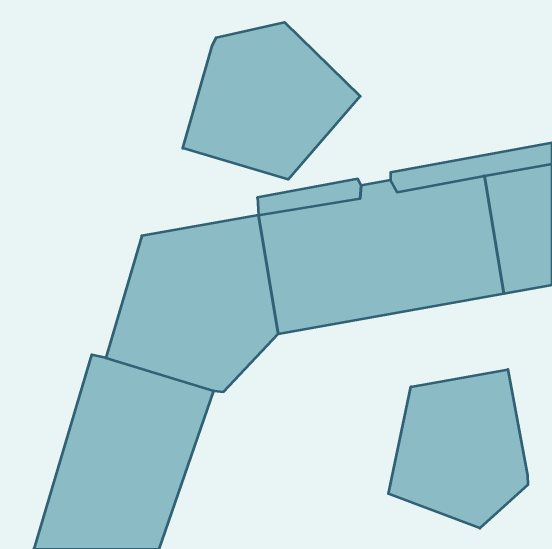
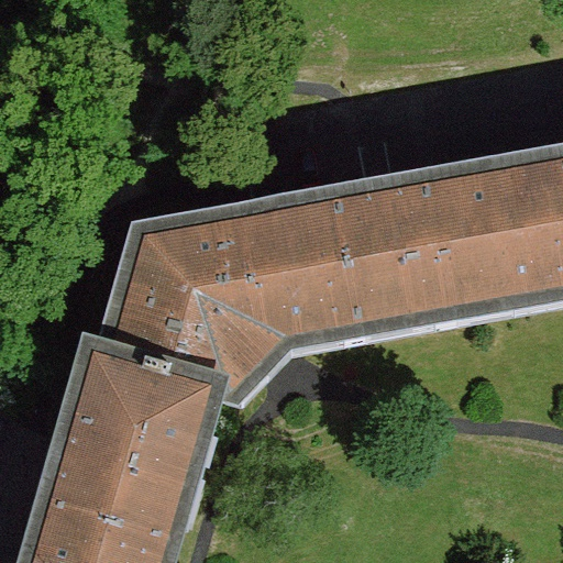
building: [183,22,360,179] -> none
building: [388,369,528,528] -> none

